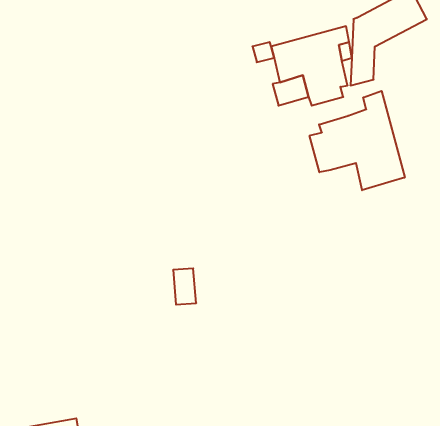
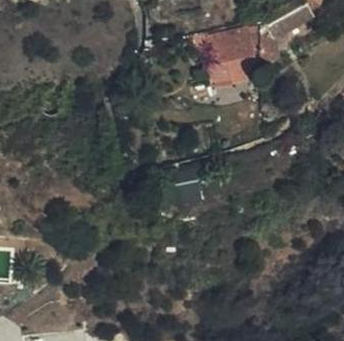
building: [310,91,405,190] -> none

